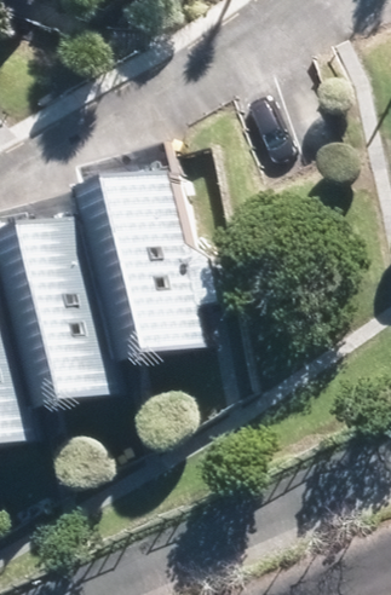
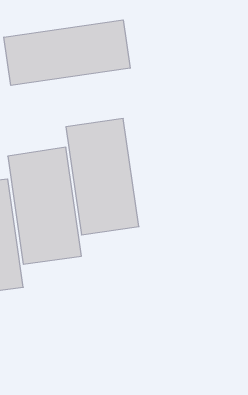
building: none -> [4,20,130,85]

